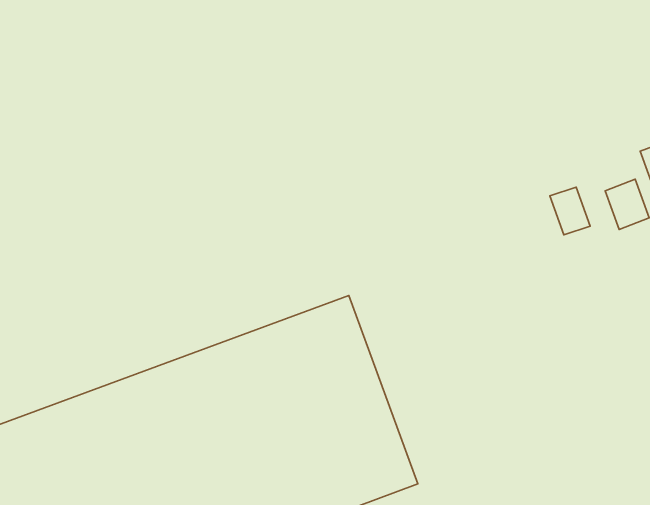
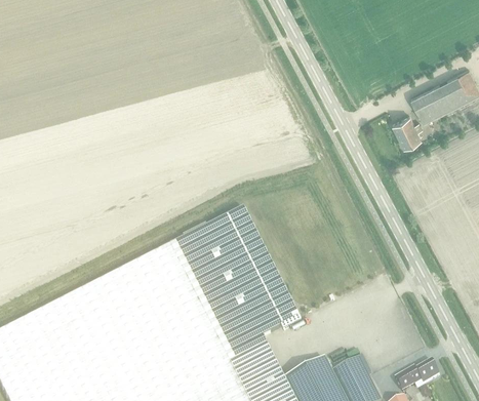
building: [550,187,590,235] -> none

